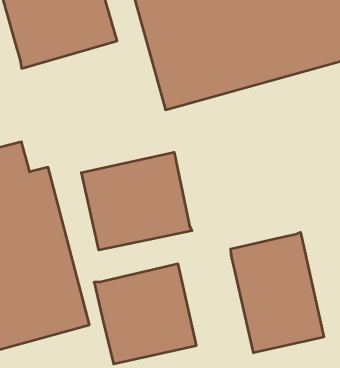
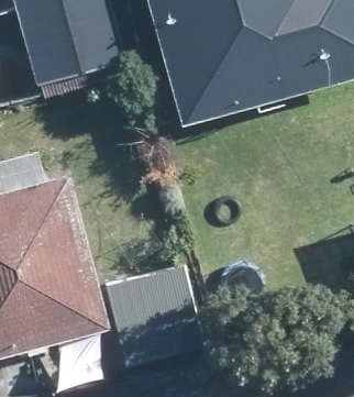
building: [81,152,192,250] -> none
building: [231,232,324,353] -> none

